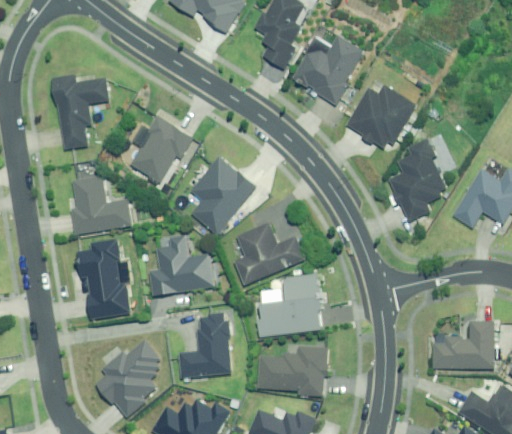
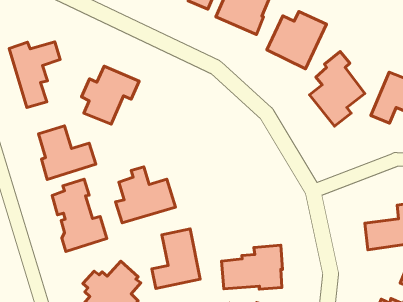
building: [190,157,256,234] -> none
building: [234,222,305,285] -> none
building: [257,274,322,336] -> none

